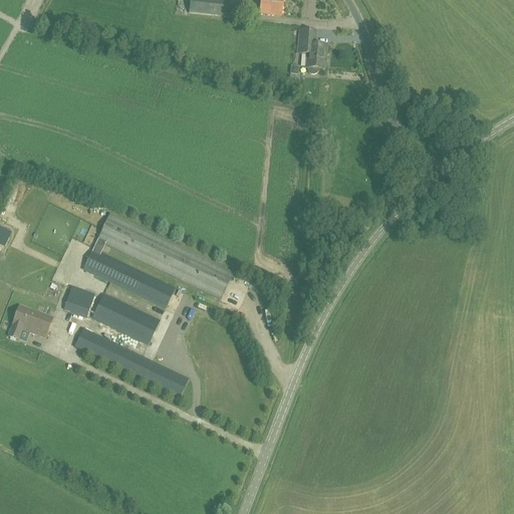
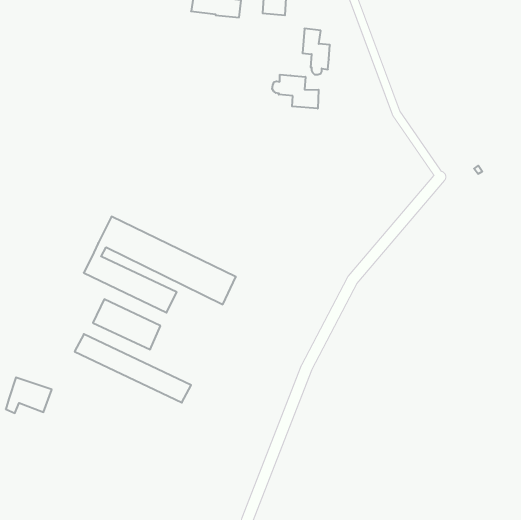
building: none -> [272,75,319,109]
building: [63,289,92,315] -> none
building: [8,303,53,338] -> [6,377,52,413]

